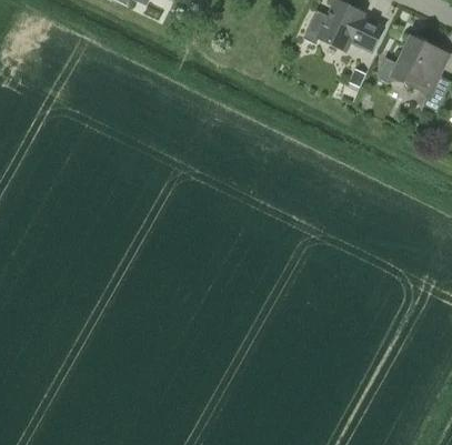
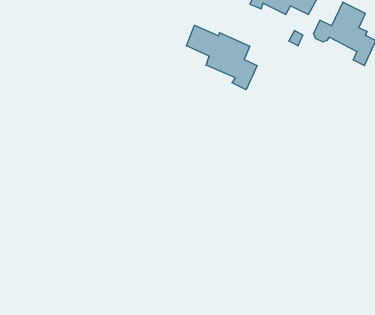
building: none -> [186,25,257,90]

